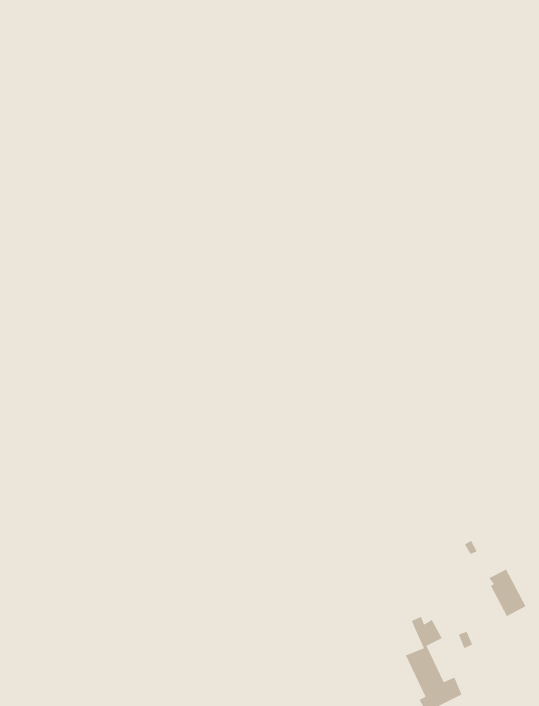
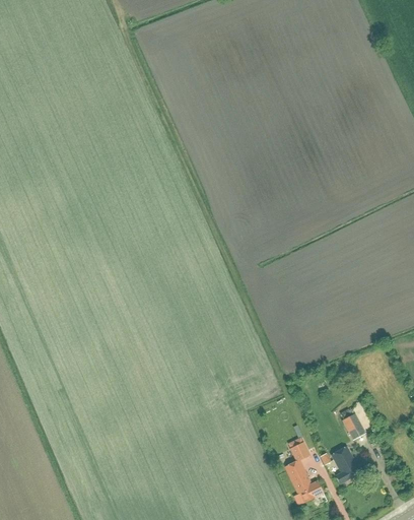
building: none -> [332,447,363,484]

